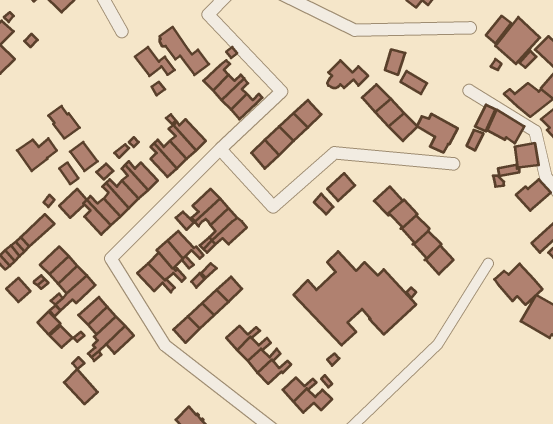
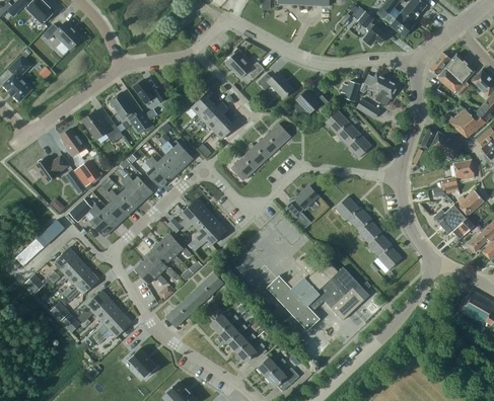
building: none -> [226,52,264,80]
building: [160,27,209,75] -> [110,92,151,133]
building: none -> [258,73,293,98]
building: none -> [82,111,123,144]
building: [417,114,458,152] -> [364,73,399,105]
building: [494,264,542,305] -> [433,204,474,238]
building: [64,369,98,404] -> [128,348,156,378]

